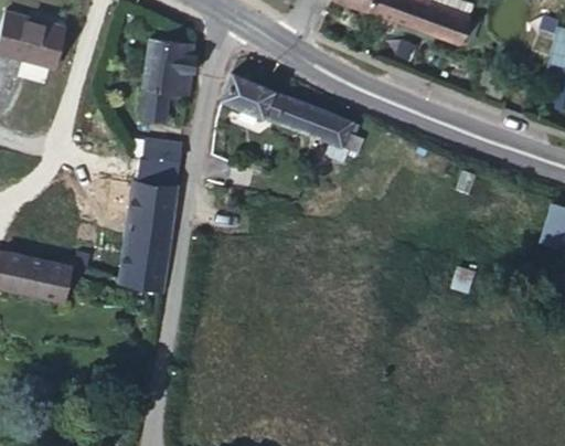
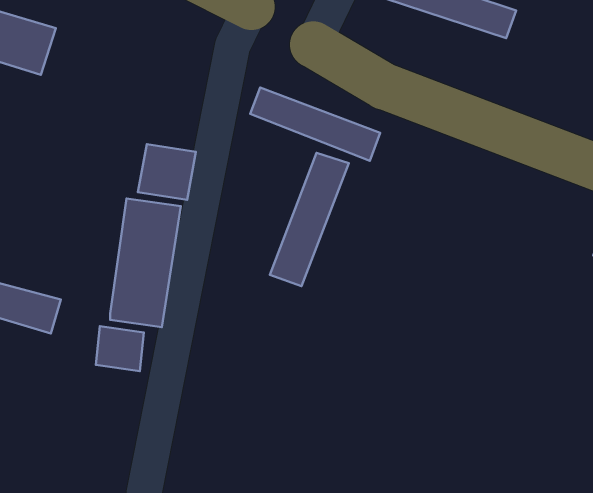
building: [146,36,207,126] -> none
building: none -> [270,153,349,286]
building: none -> [96,326,144,371]

